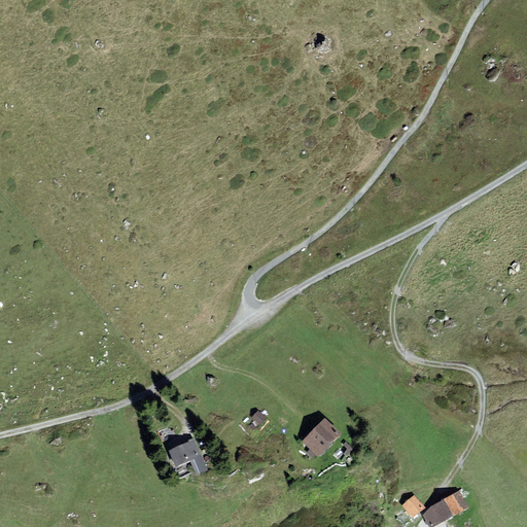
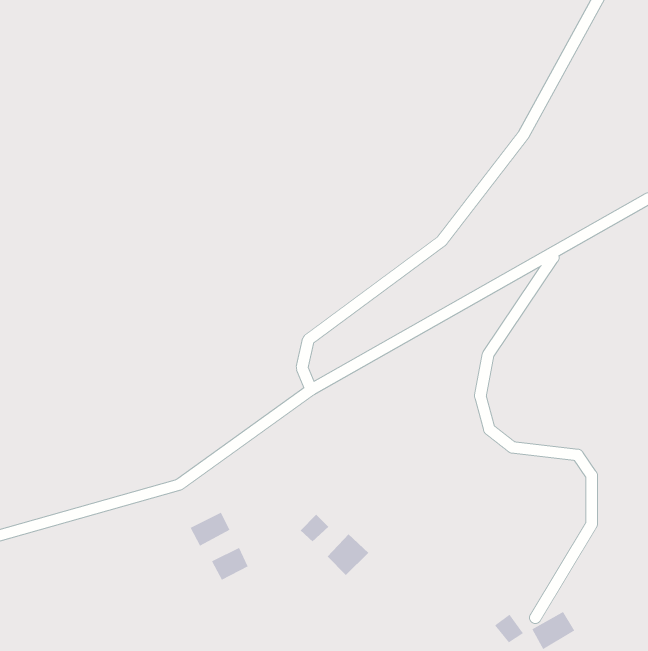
building: none -> [190,512,230,546]
building: [307,422,341,456] -> [327,533,369,576]

